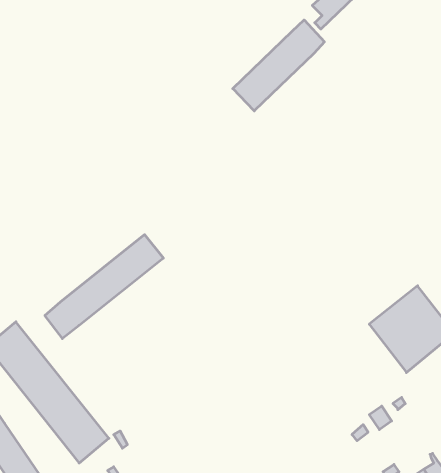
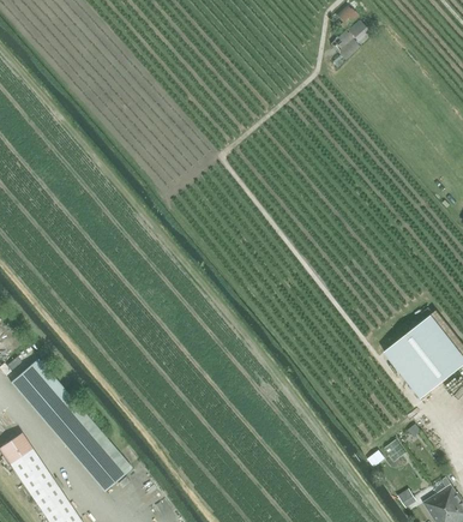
building: [233,20,324,111] -> none
building: [45,235,163,339] -> none

